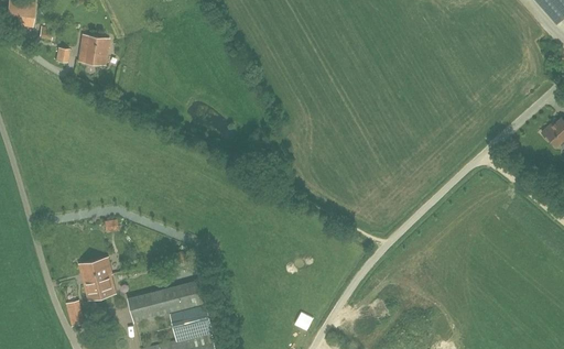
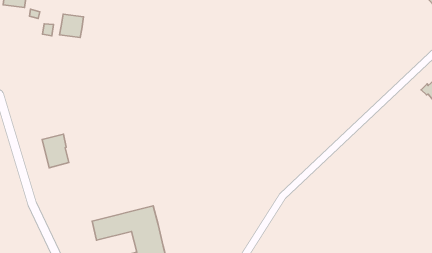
building: [79,257,113,299] -> [42,134,69,168]

